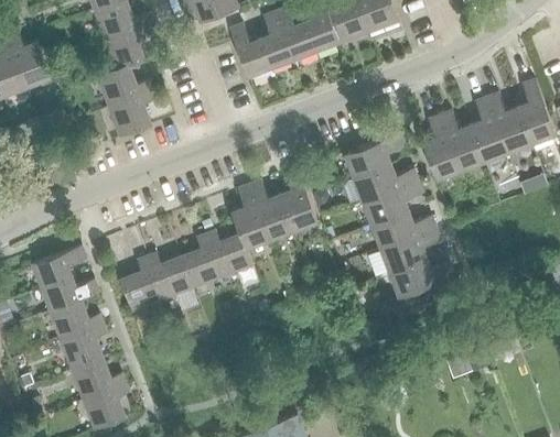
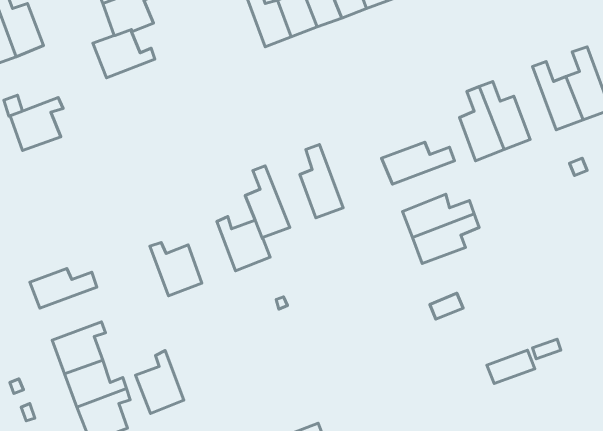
building: [108,90,155,138] -> [10,97,63,151]
building: [471,97,508,162] -> none
building: [344,132,405,178] -> none
building: [249,181,294,240] -> none
building: [363,181,422,226] -> none
building: [181,234,223,289] -> none
building: [31,245,87,288] -> none
building: [120,256,163,313] -> [136,350,184,414]
building: [389,258,454,297] -> none
building: [49,299,104,340] -> none

